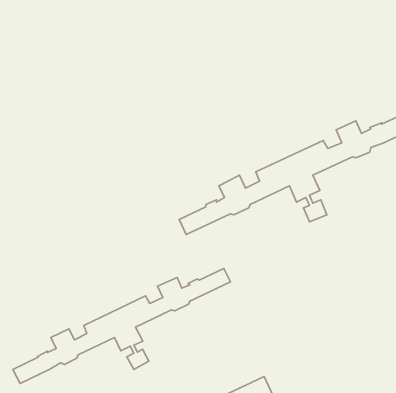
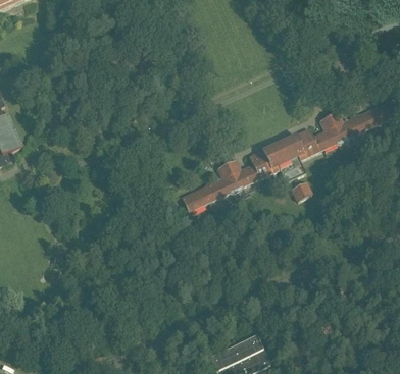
building: [13,269,230,384] -> none

